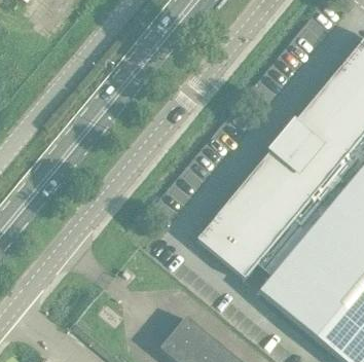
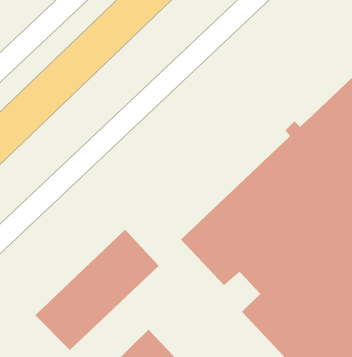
building: none -> [34,229,160,351]

